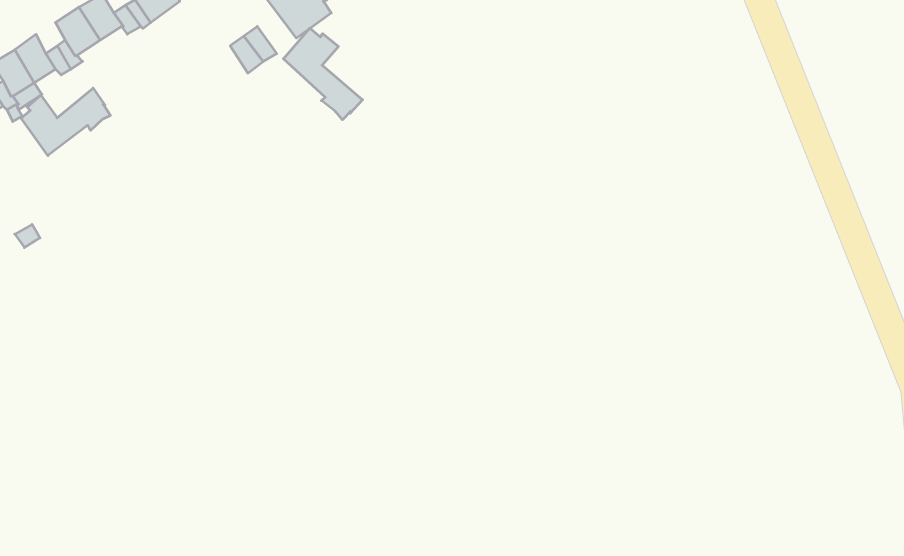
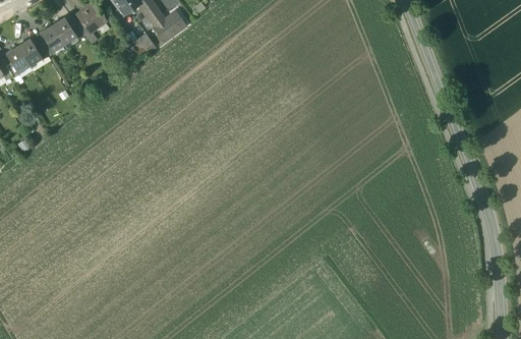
building: [283,28,363,120] -> none
building: [21,88,110,156] -> none

